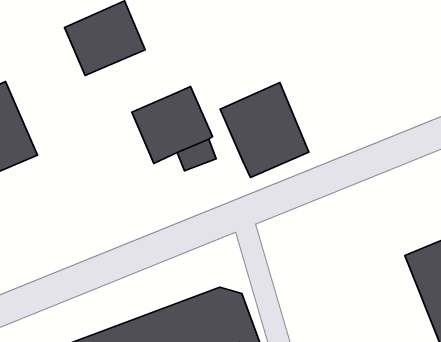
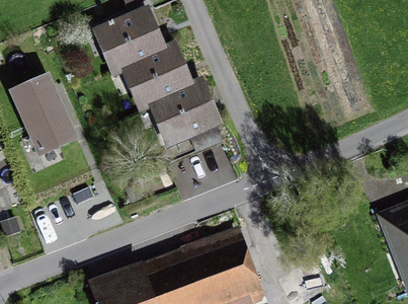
building: none -> [125,44,188,103]
building: [220,83,309,178] -> none

